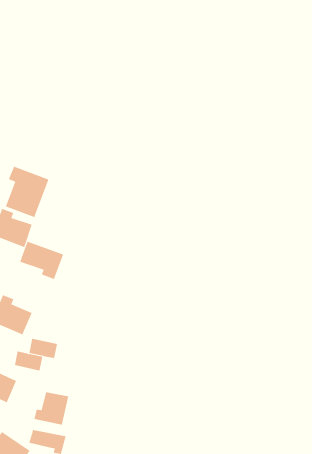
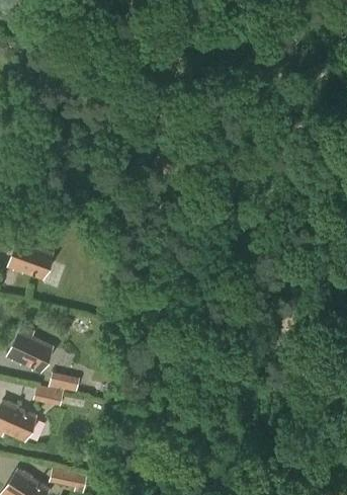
building: [5,166,49,218] -> none
building: [19,241,64,280] -> none
building: [34,391,69,425] -> none

